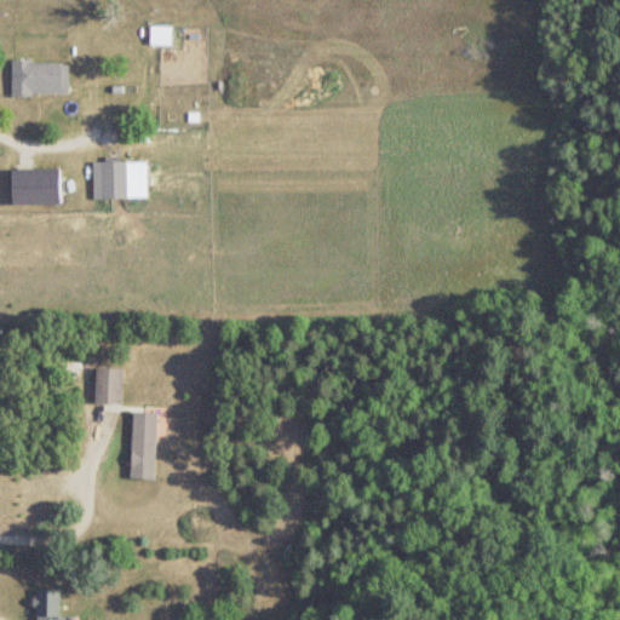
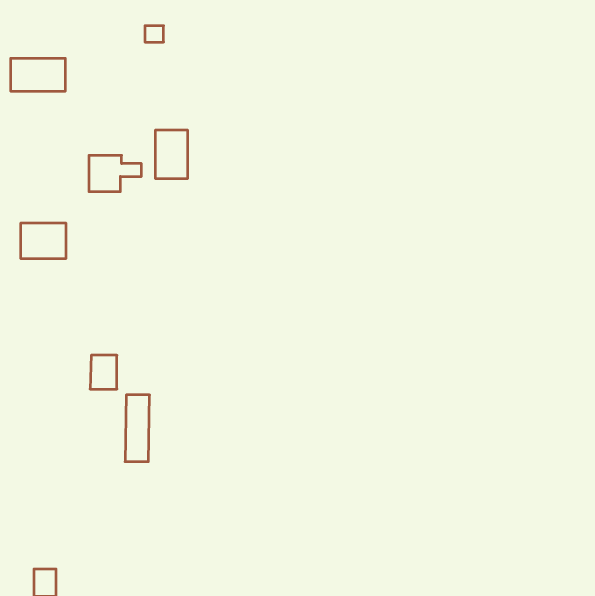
building: none -> [156,130,187,179]
building: [11,168,58,205] -> [21,223,66,258]

